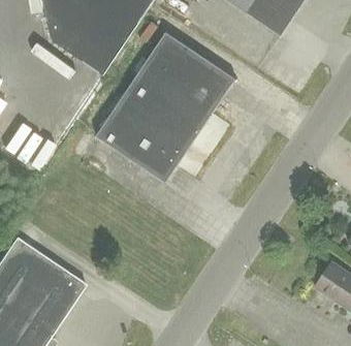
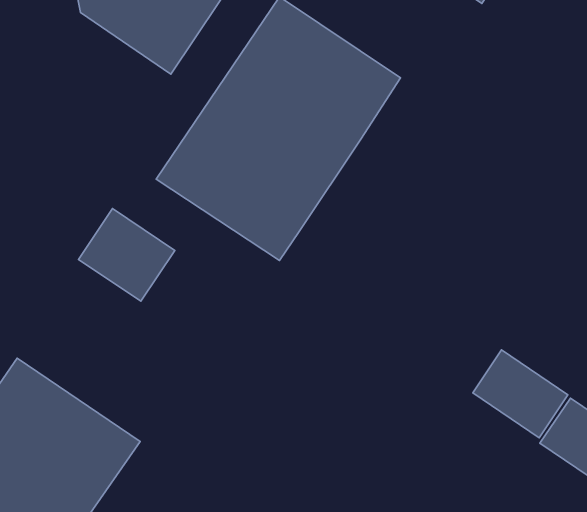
building: none -> [79,209,175,301]
building: none -> [473,350,568,438]

